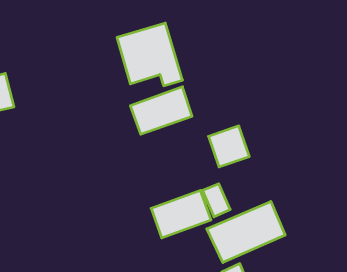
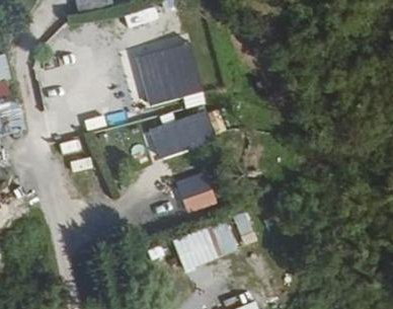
building: [208,126,249,167] -> [173,170,217,214]
building: [207,201,285,263] -> none

